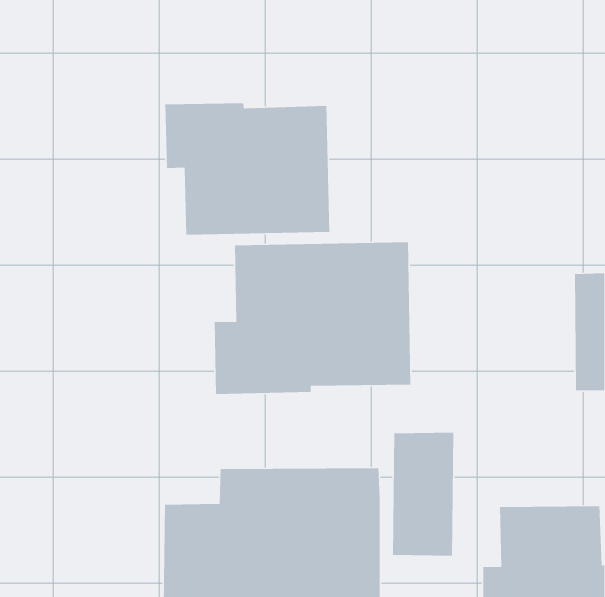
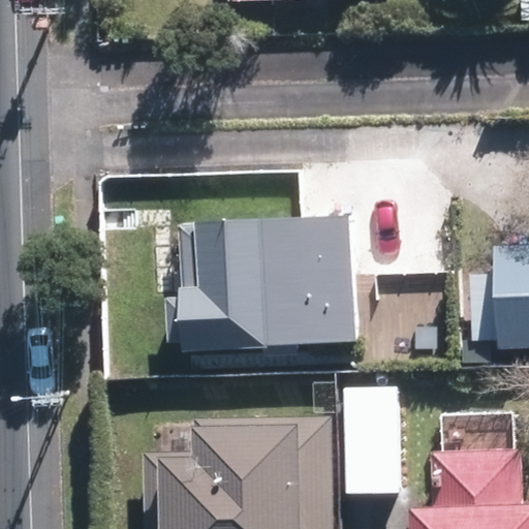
building: [164,102,330,236] -> none

